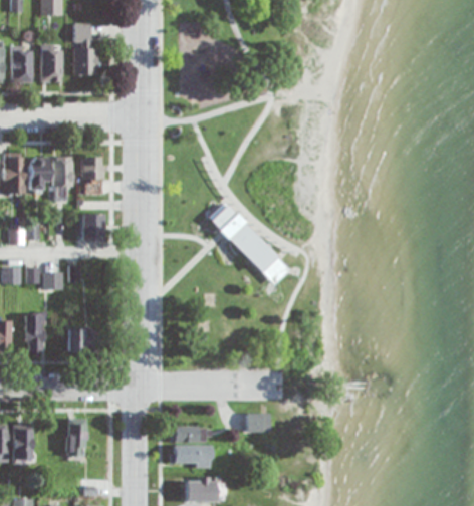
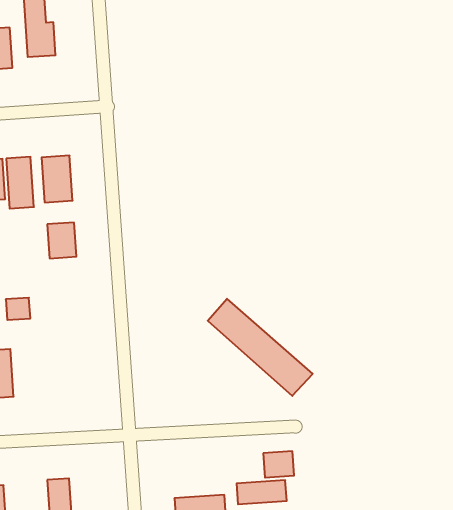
building: [207,202,290,285] -> [208,299,313,396]
building: [68,329,99,353] -> none
building: [170,426,210,443] -> [237,480,287,504]

